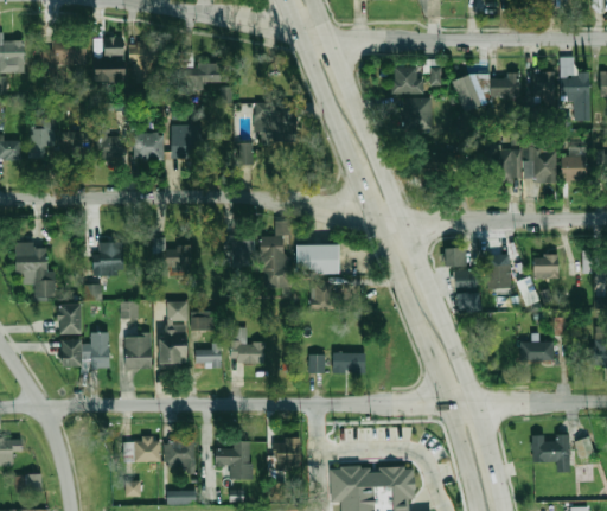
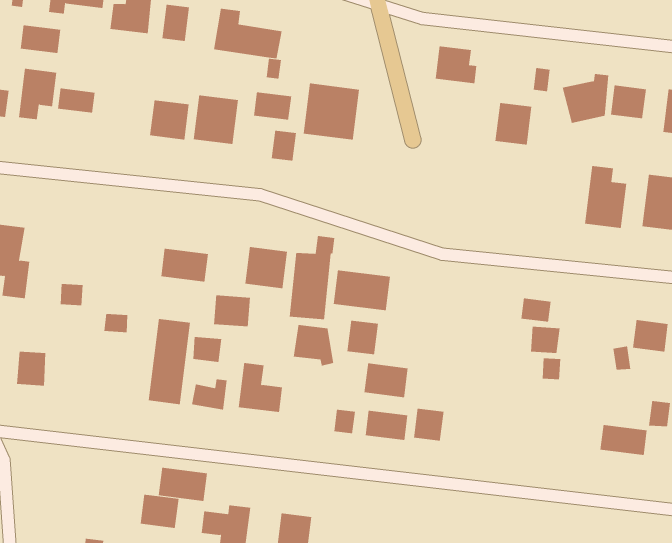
building: [392,68,424,94] -> [435,46,477,84]
building: none -> [20,24,61,54]
building: none -> [253,92,292,121]
building: [96,130,122,160] -> none
building: [88,243,121,276] -> none
building: [486,263,511,290] -> none
building: none -> [214,295,250,327]
building: none -> [293,324,334,367]
building: [52,305,77,337] -> none
building: none -> [364,363,408,398]
building: [78,333,111,369] -> none
building: [124,334,151,370] -> none
building: none -> [413,408,444,441]
building: [123,440,160,462] -> [158,467,208,501]

